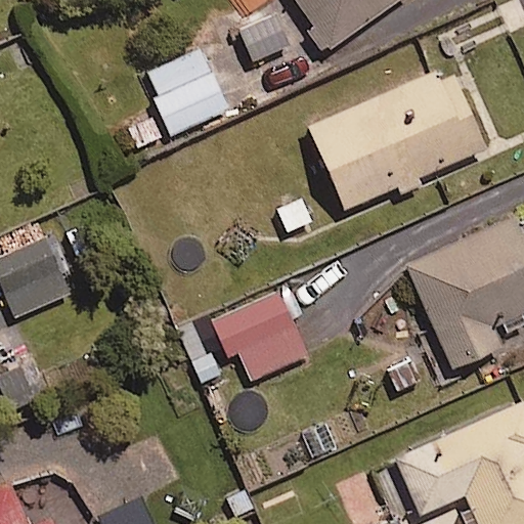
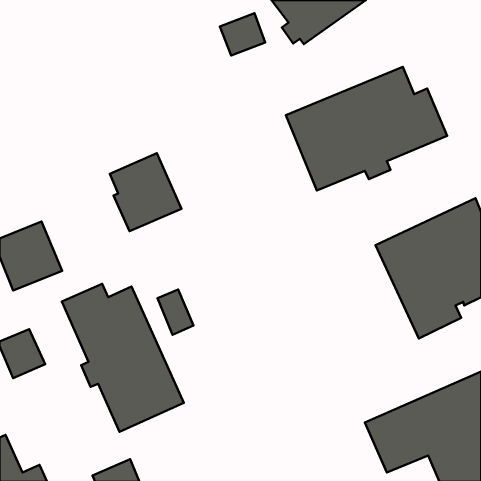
building: [148,49,226,134] -> [110,153,181,231]
building: [213,292,305,380] -> none
building: none -> [62,284,184,432]

